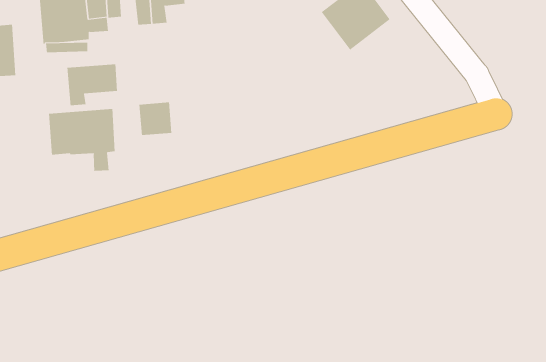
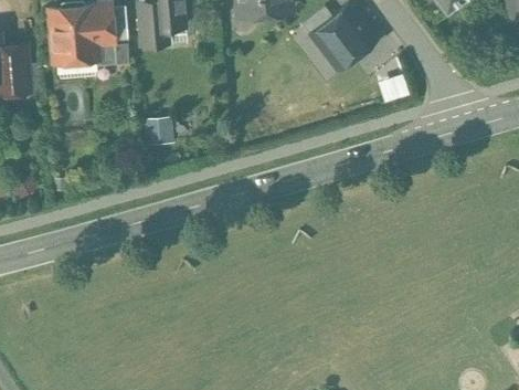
building: [67,63,118,106] -> none
building: [48,108,115,172] -> none

